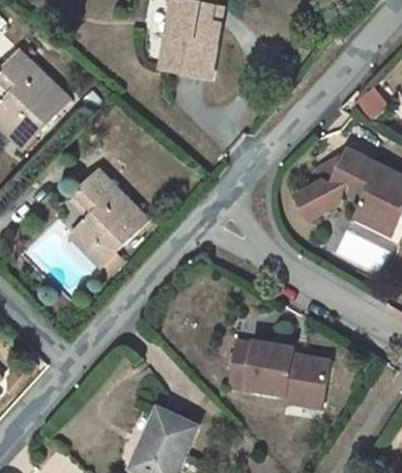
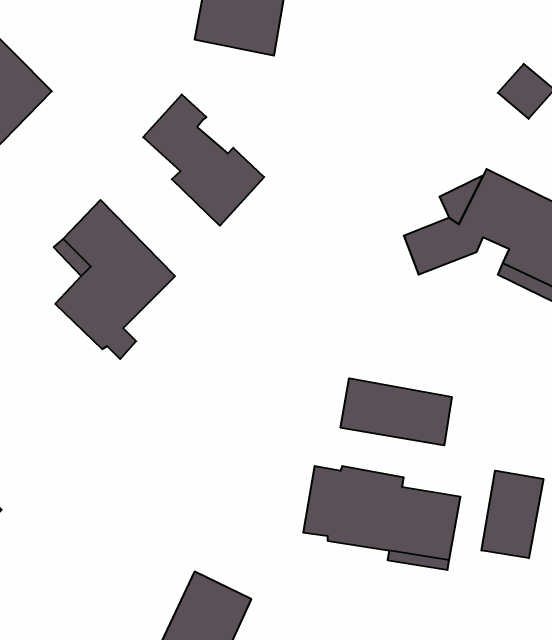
building: none -> [143,94,264,226]
building: none -> [341,378,452,445]
building: none -> [481,471,543,558]

